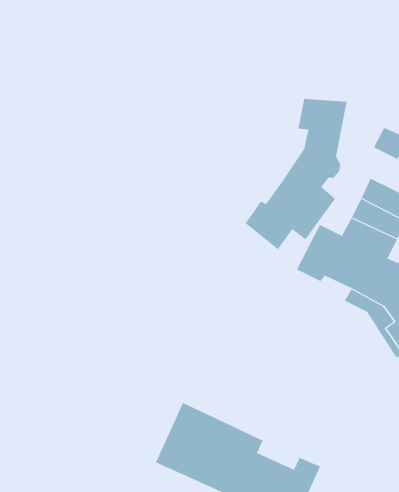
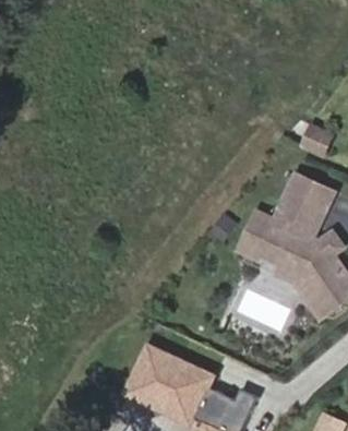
building: [245,98,347,250] -> none

